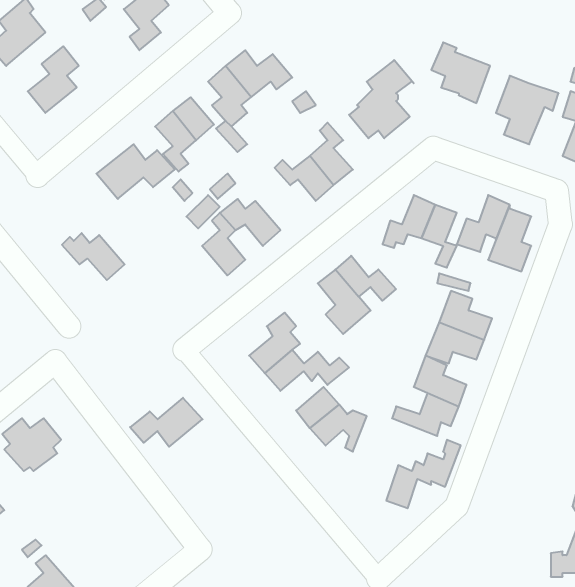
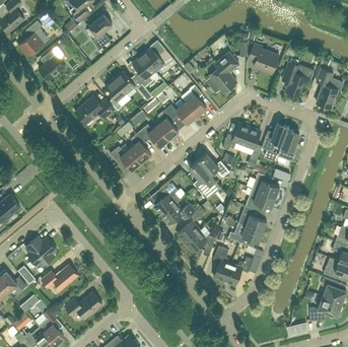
building: none -> [156,109,179,141]
building: [62,233,125,280] -> [110,148,142,172]
building: [130,398,203,447] -> [41,265,78,290]
building: none -> [213,247,230,281]
building: none -> [64,293,102,320]

